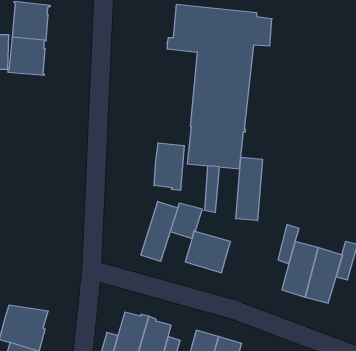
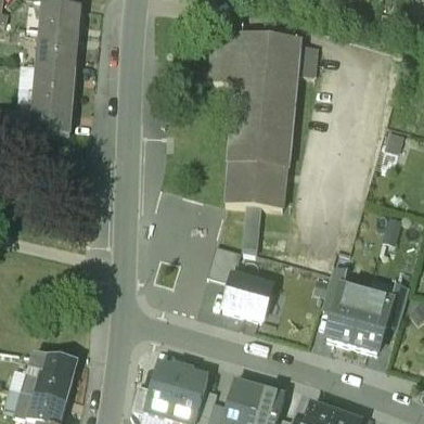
building: none -> [28,104,70,133]
building: [154,143,184,190] -> none
building: [236,157,263,221] -> none
building: [141,201,178,261] -> none

